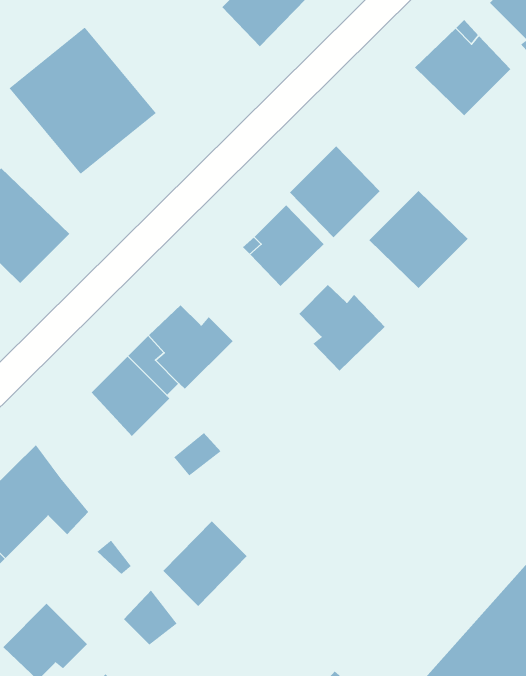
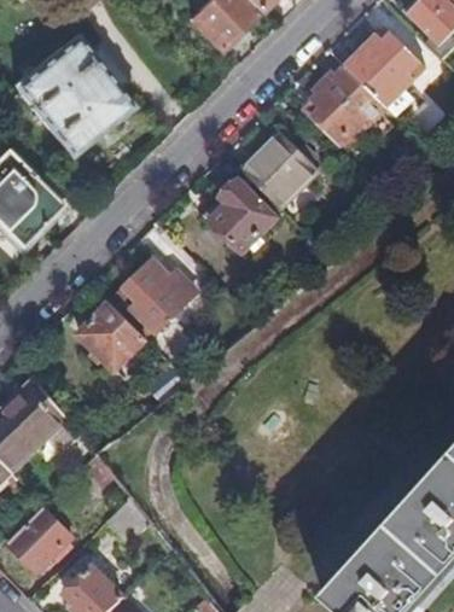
building: [368,190,468,289] -> [304,68,386,148]
building: [299,284,386,371] -> none
building: [162,520,248,607] -> none

